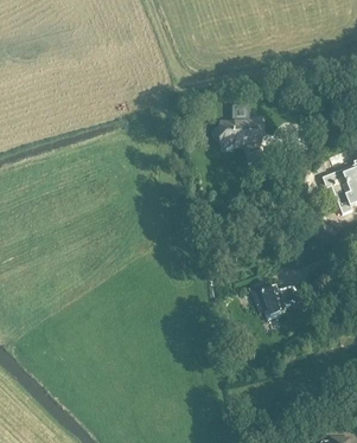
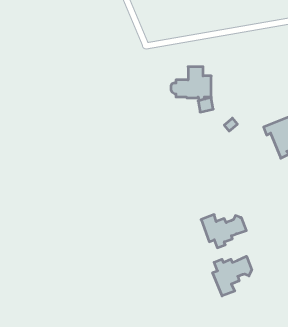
building: none -> [213,256,252,296]

